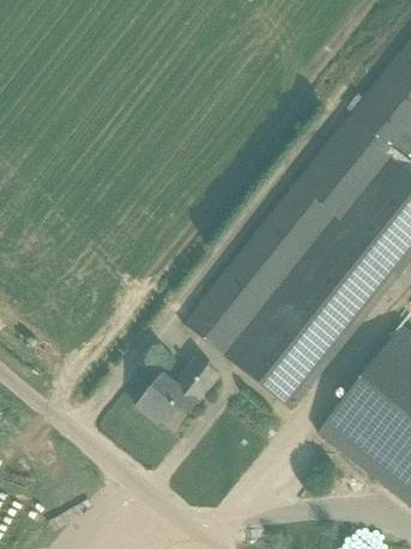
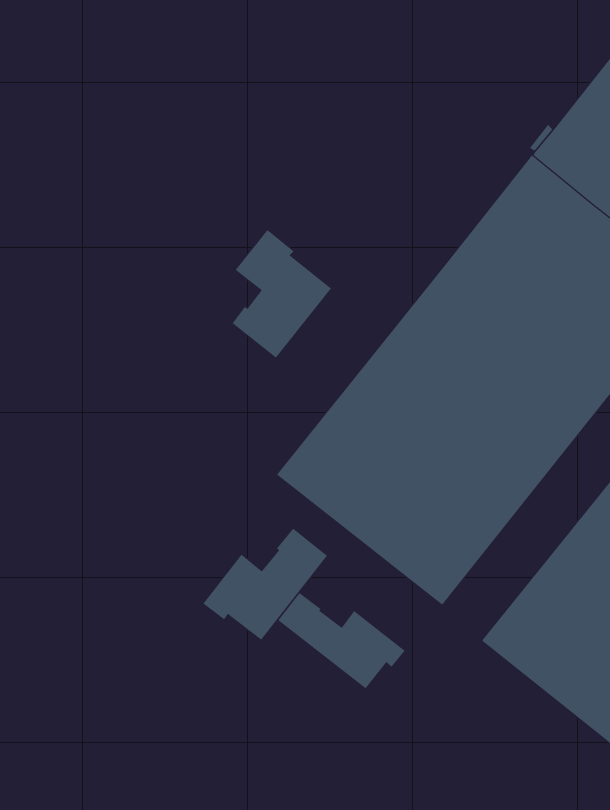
building: none -> [232,229,332,358]
building: none -> [278,592,406,689]

